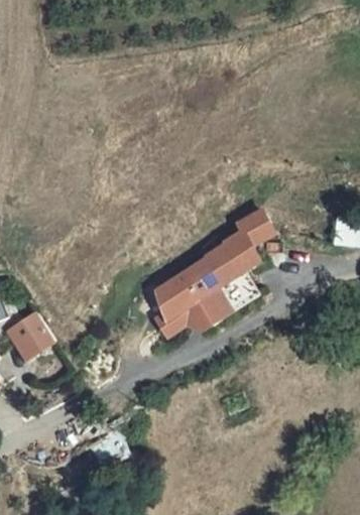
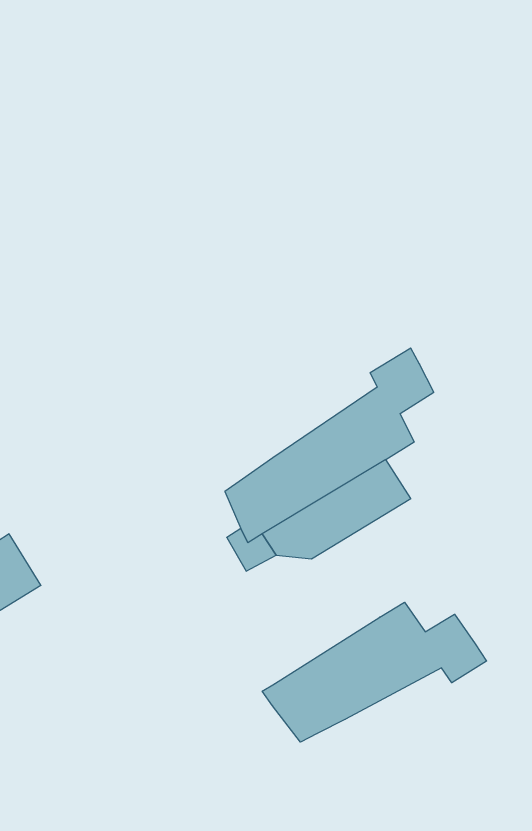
building: none -> [262,602,487,742]

